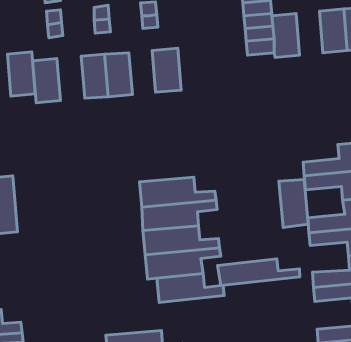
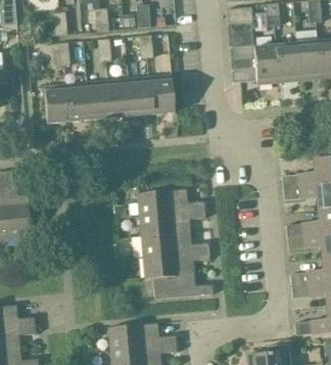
building: none -> [276,43,299,82]
building: none -> [129,78,152,117]
building: [7,52,35,96] -> [65,83,90,122]
building: [279,179,308,227] -> none
building: [218,259,300,285] -> none

